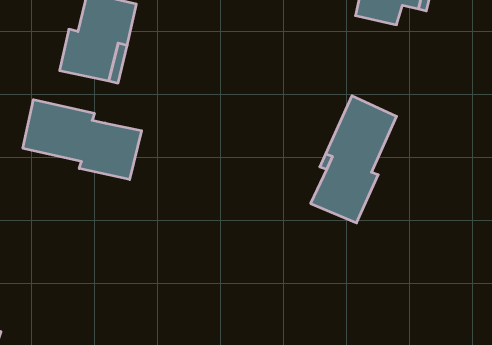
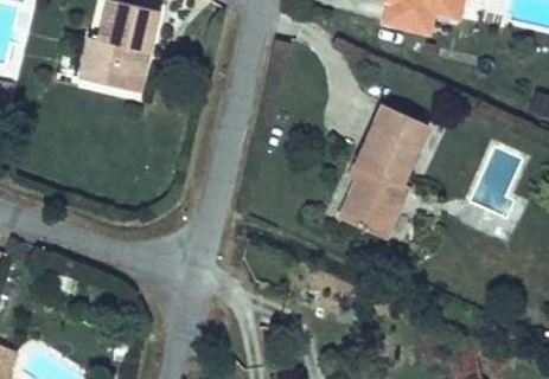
building: [23,100,142,180] -> none

